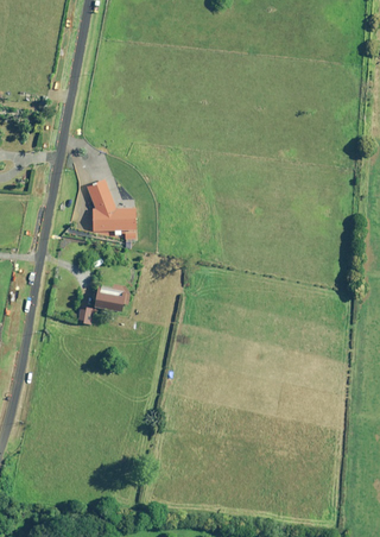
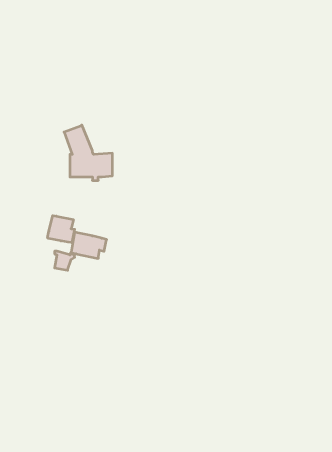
building: none -> [48,216,75,243]

